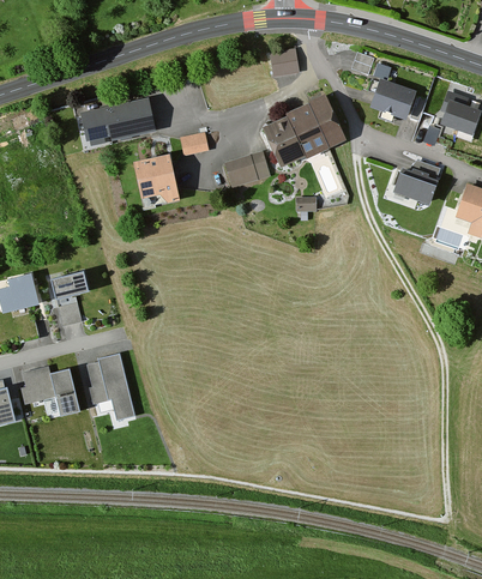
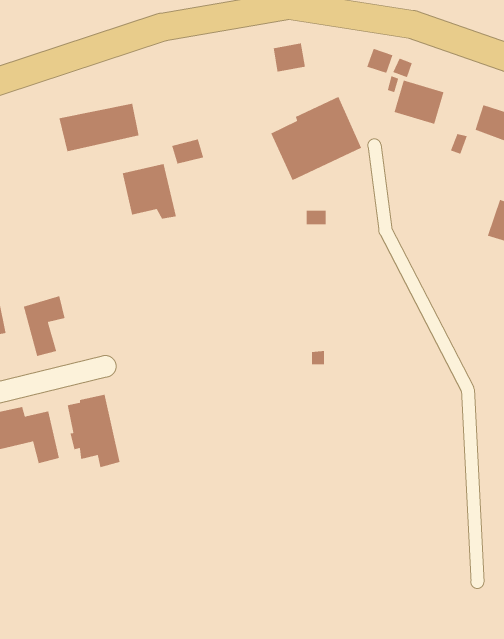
building: [223,150,267,185] -> none
building: [393,161,440,205] -> none

